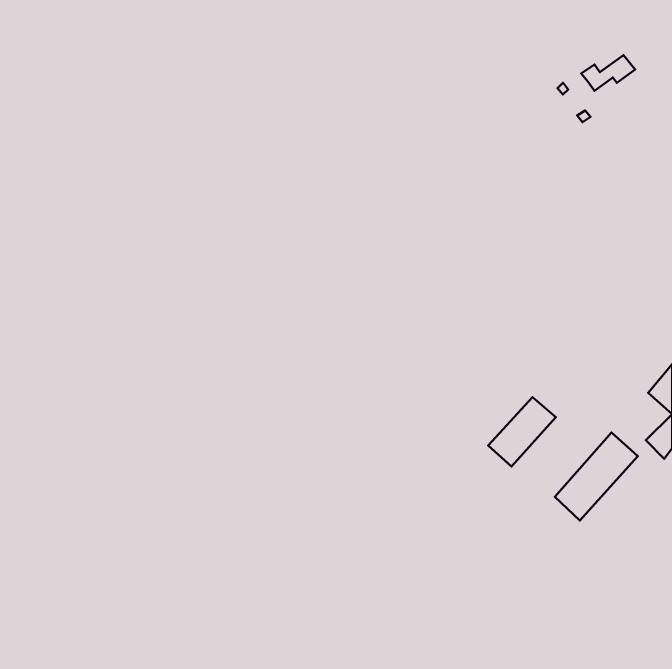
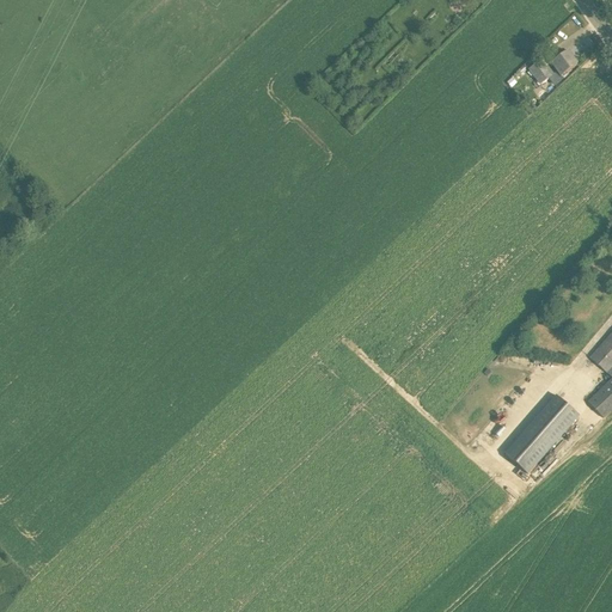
building: [488,397,556,466] -> none

